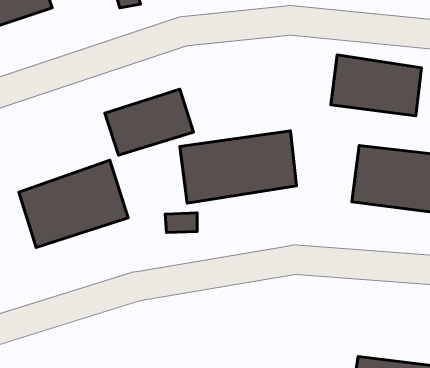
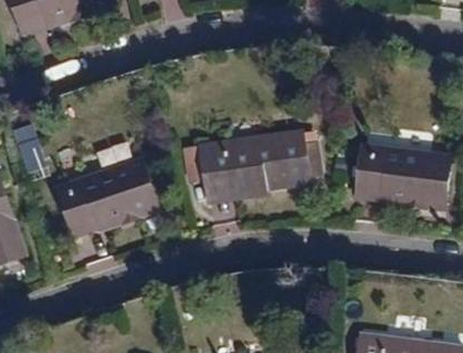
building: [331,55,422,116] -> none
building: [105,89,194,155] -> none

